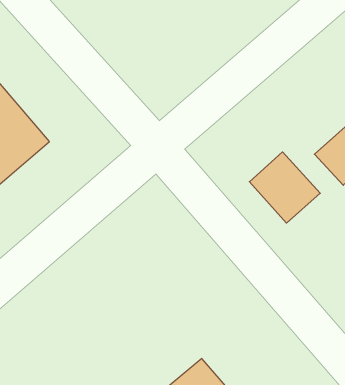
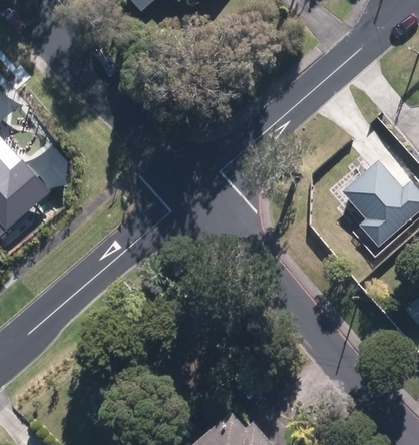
building: [249,152,320,223] -> none

